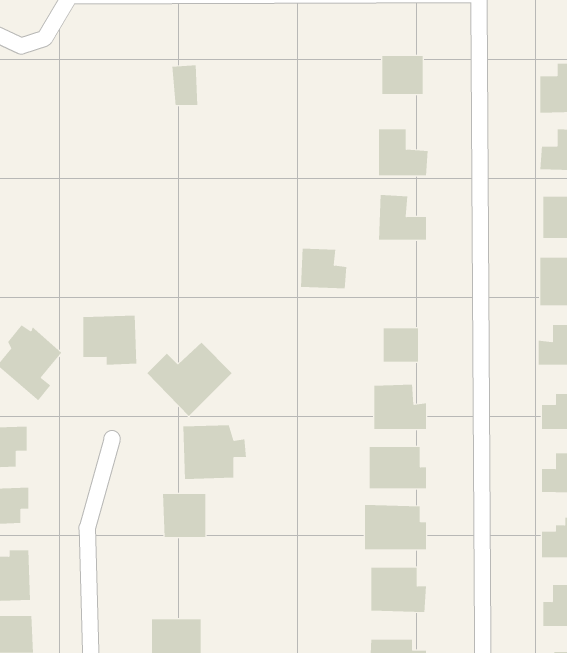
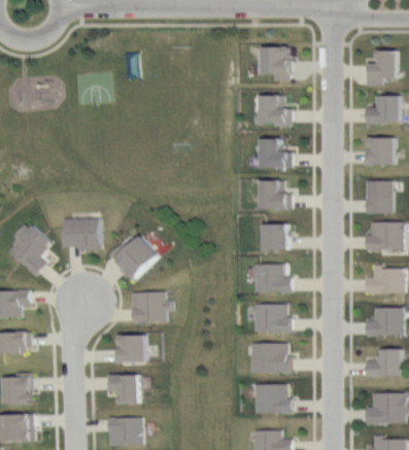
building: [300,248,347,289] -> [259,181,289,208]
building: none -> [111,374,138,405]

